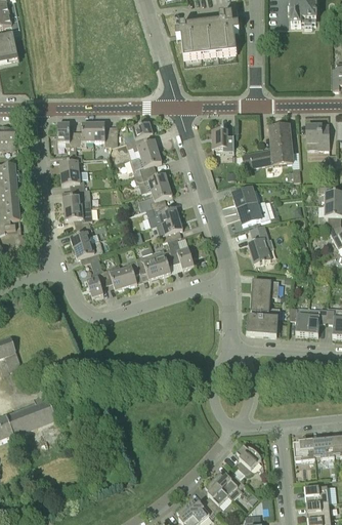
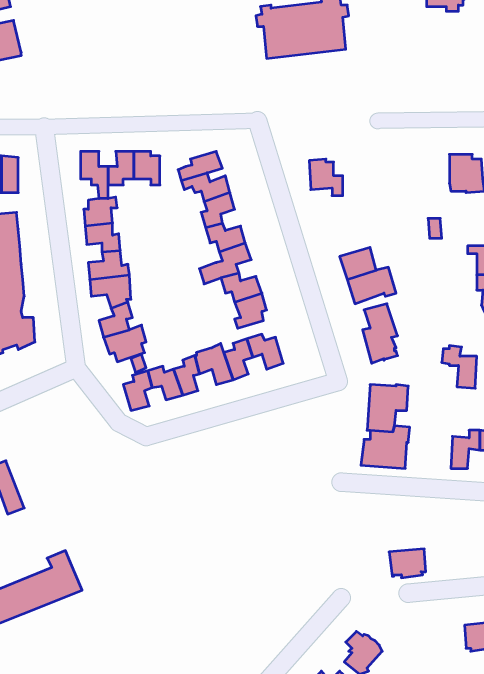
building: [241,124,292,167] -> none
building: [284,306,307,334] -> [442,346,477,388]
building: [292,440,316,459] -> [389,549,426,578]

